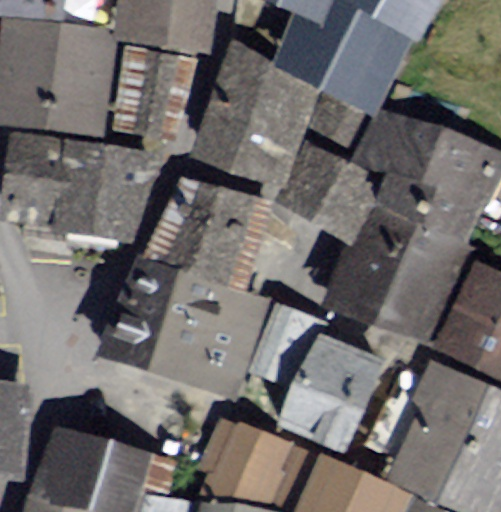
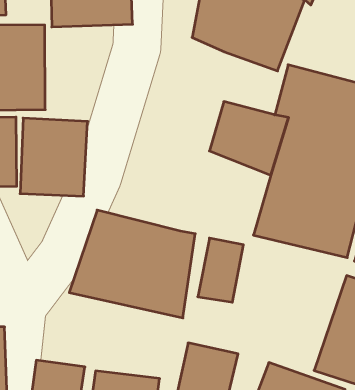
building: [194,42,312,190] -> none
building: [104,46,190,138] -> none
building: [143,178,261,293] -> none
building: [281,341,384,450] -> none

